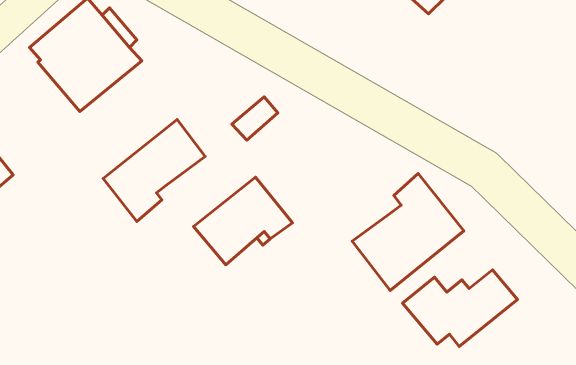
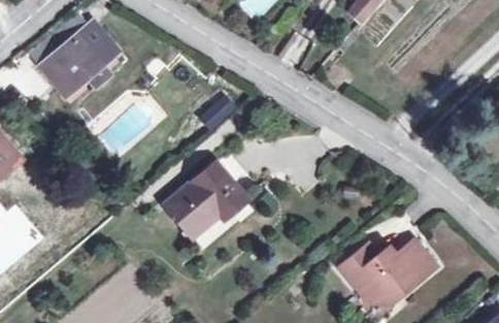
building: [103,119,205,221] -> none
building: [352,174,464,291] -> none

